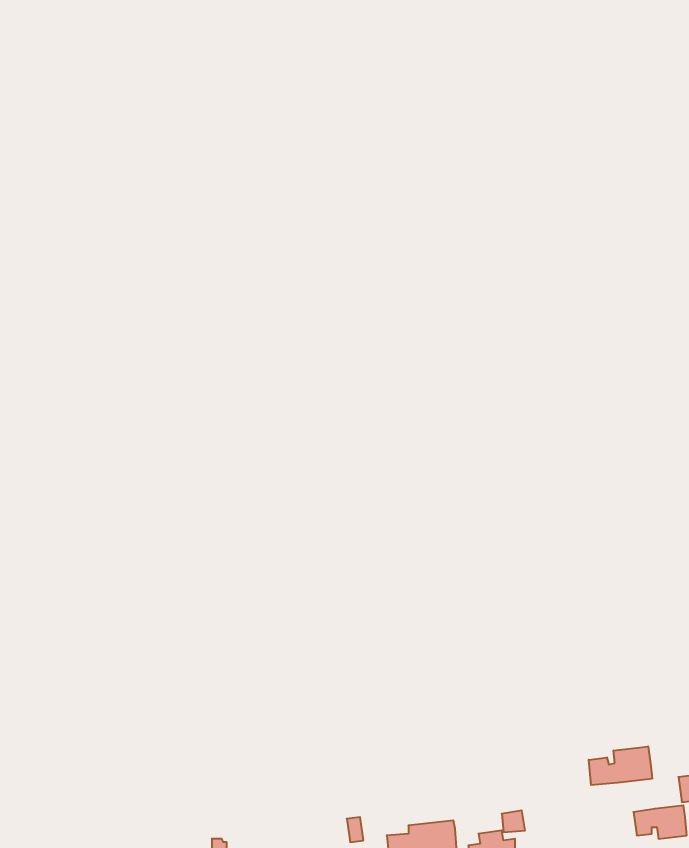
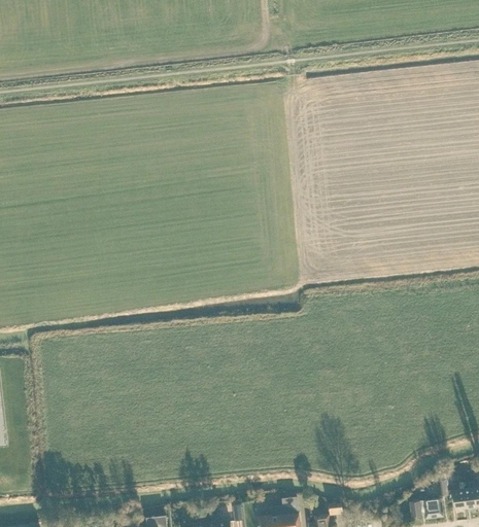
building: [589,746,652,785] -> none

